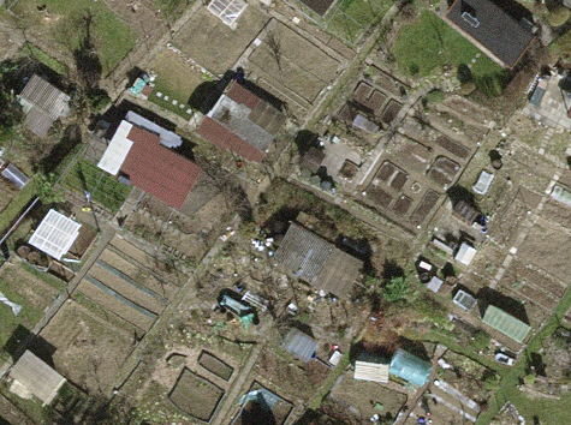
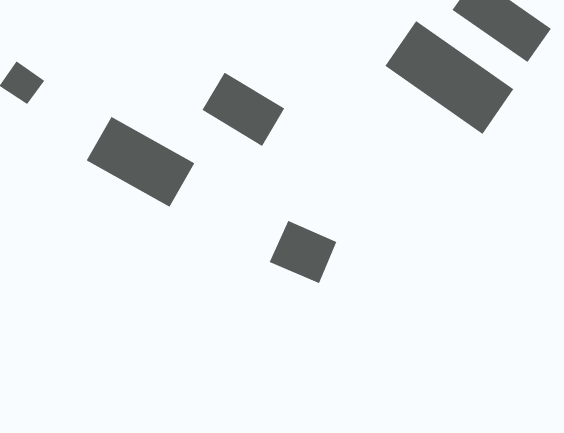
building: none -> [384,20,514,135]

